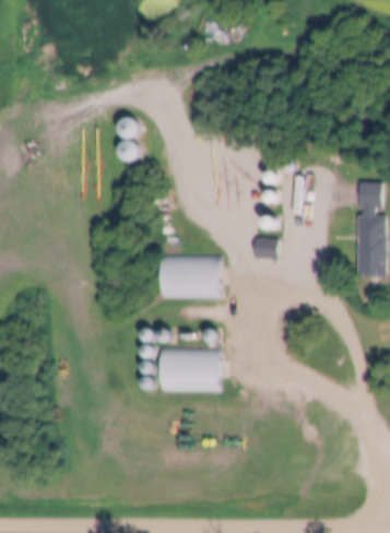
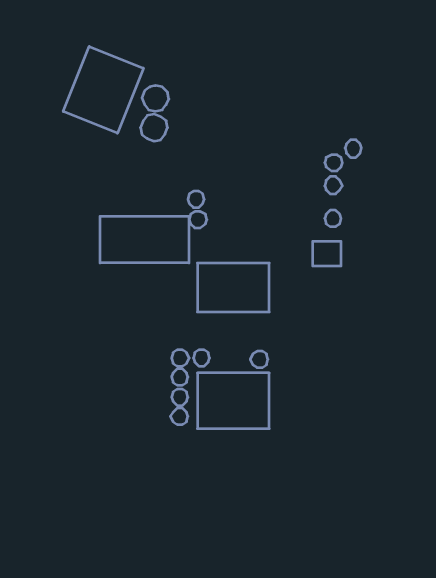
building: none -> [63,46,143,133]
building: none -> [100,216,189,263]

